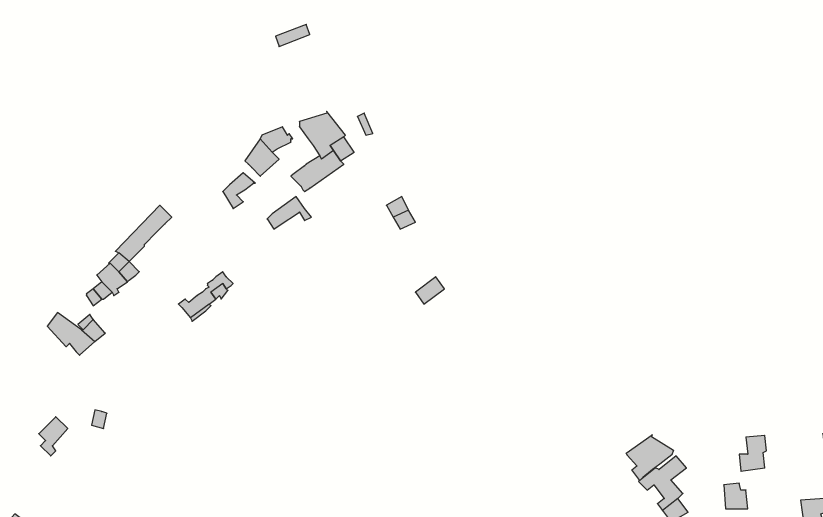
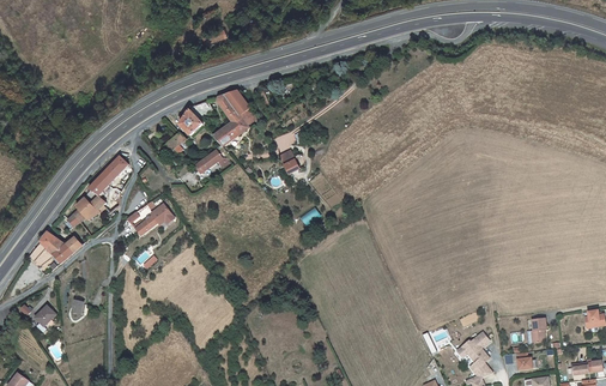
building: [626,435,674,480] -> none

